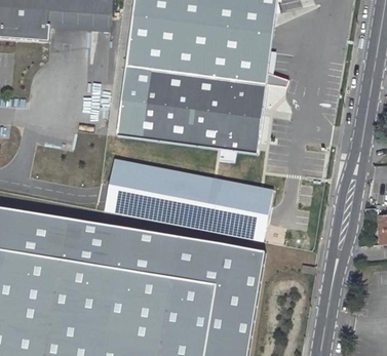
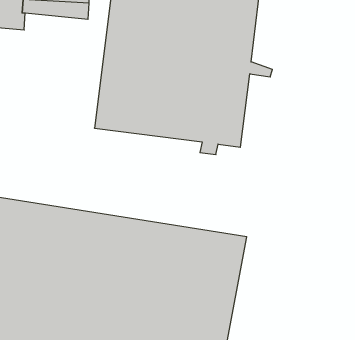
building: [104,160,272,242] -> none

